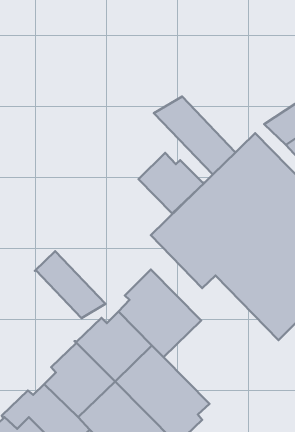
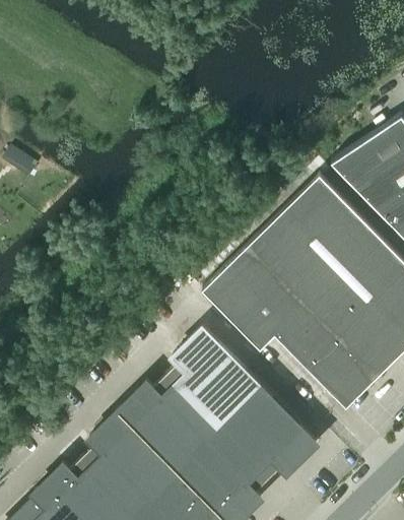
building: [154,96,236,175] -> none
building: [139,153,205,213] -> none
building: [35,251,106,318] -> none
building: none -> [216,387,316,481]

